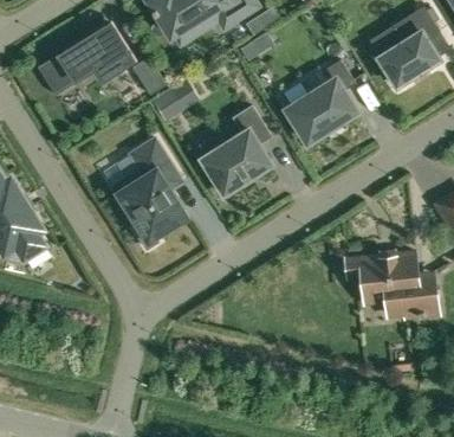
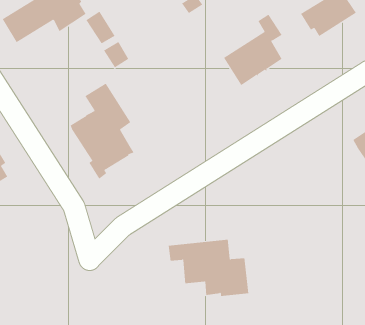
building: [201,107,272,195] -> none
building: [345,252,437,317] -> [168,239,249,296]

